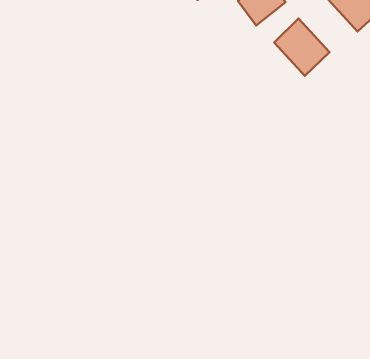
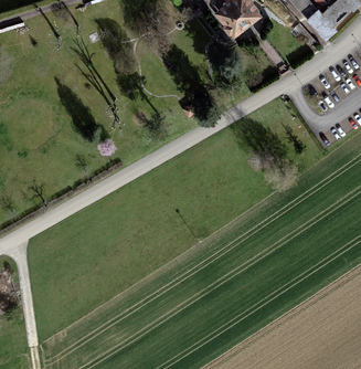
building: [274,19,329,76] -> none

